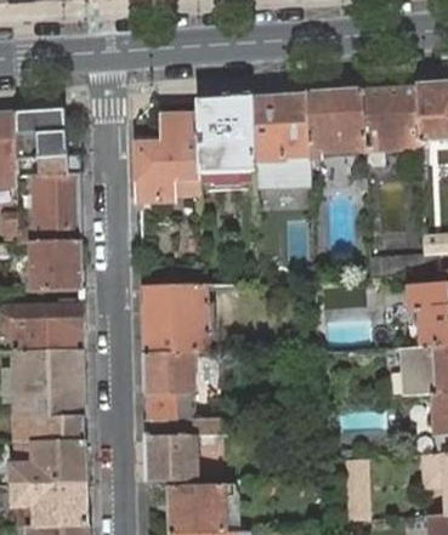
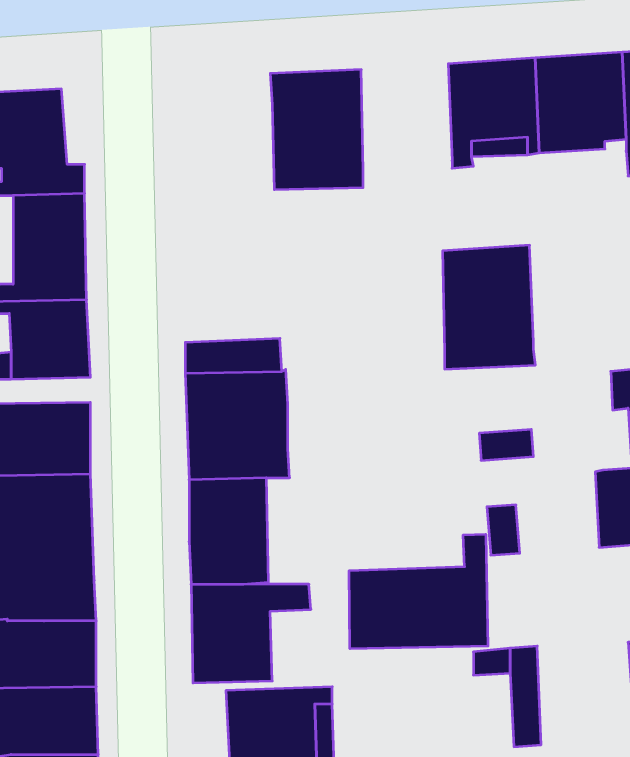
building: [253,93,311,171] -> [443,245,535,369]
building: [138,119,199,199] -> none
building: none -> [349,534,488,649]

